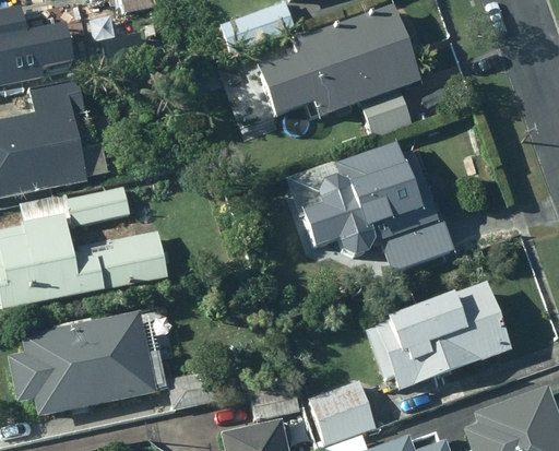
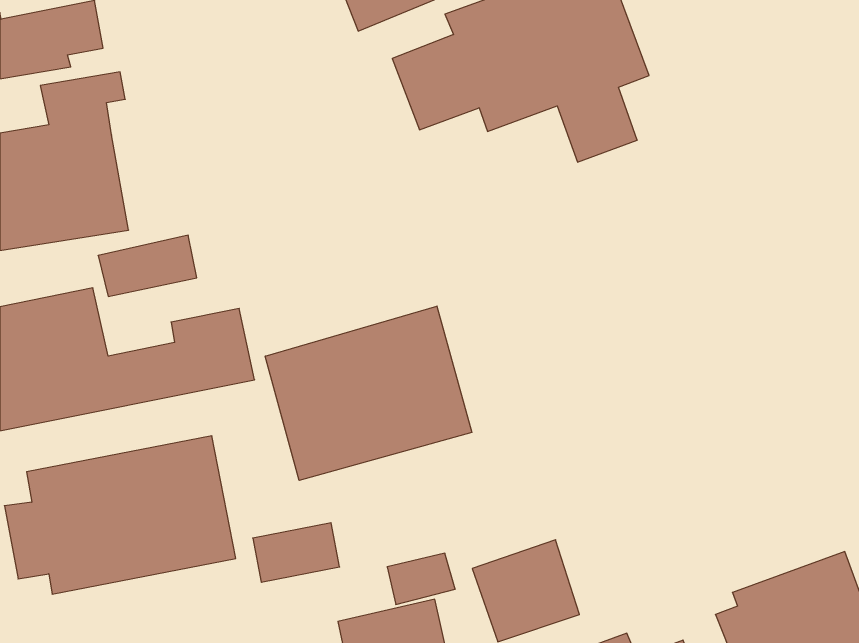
building: [302,146,450,254] -> none
building: none -> [265,306,472,480]
building: [367,284,508,385] -> none

